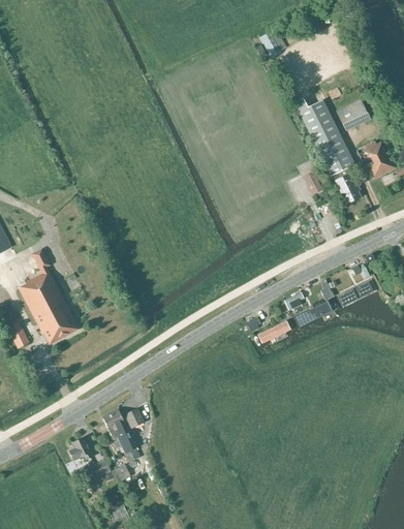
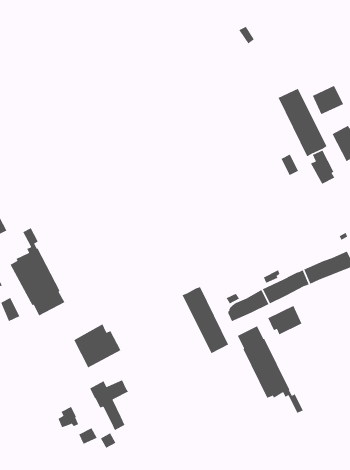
building: none -> [182,286,229,354]
building: none -> [267,305,303,336]
building: none -> [73,323,121,368]
building: none -> [237,325,304,414]

